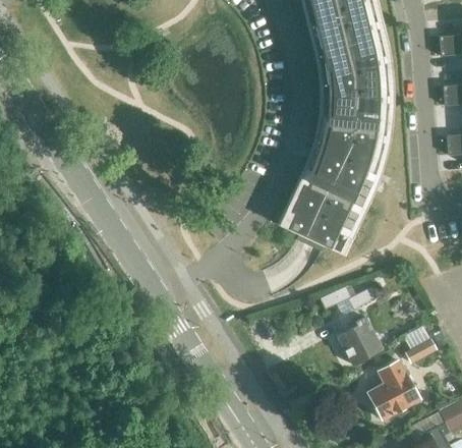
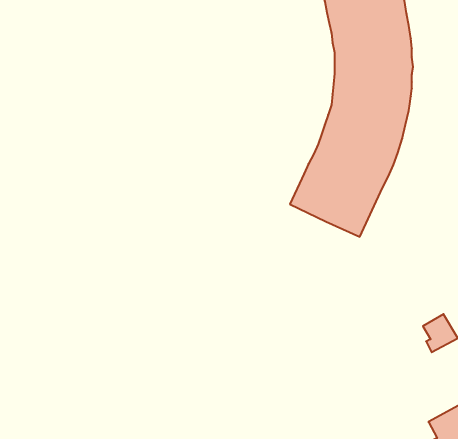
building: [337,317,383,365] -> none
building: [367,360,419,419] -> none

